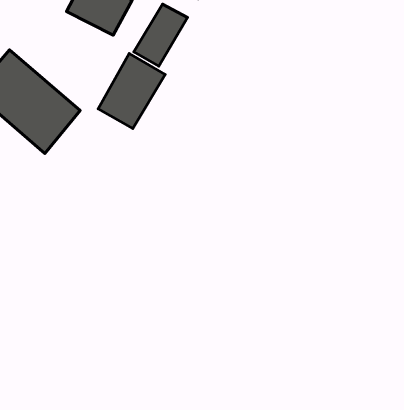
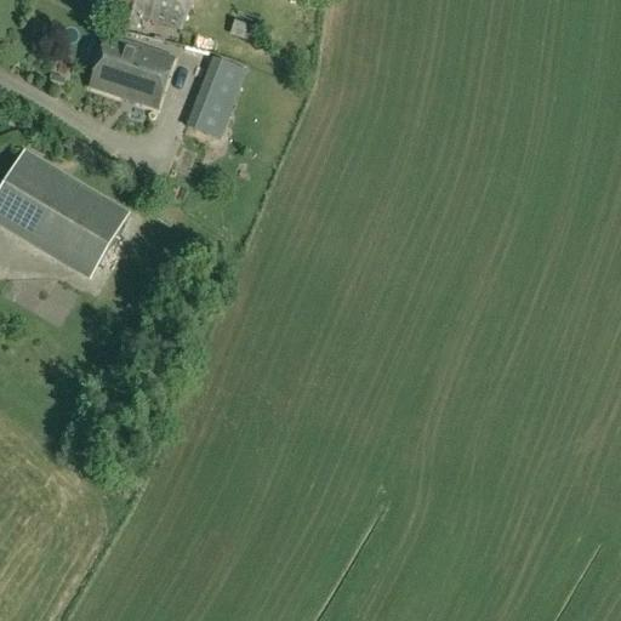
building: [98,53,165,128] -> none

